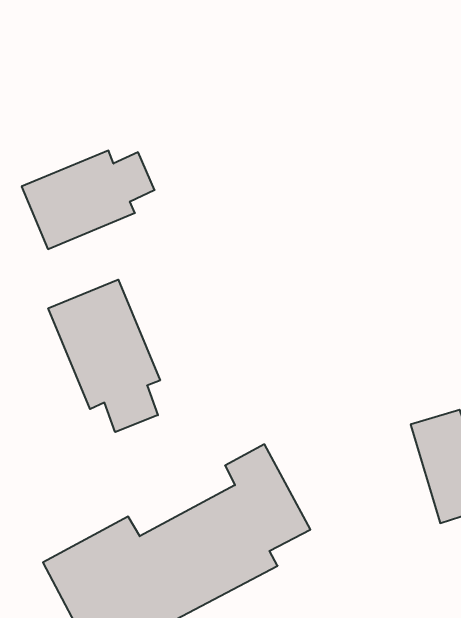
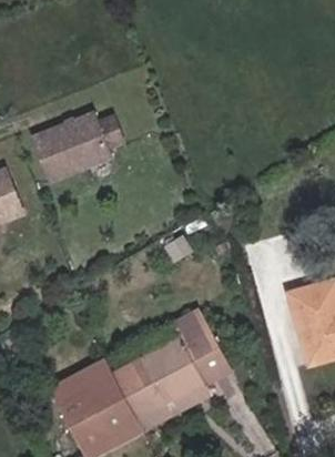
building: [48,280,160,432] -> none

